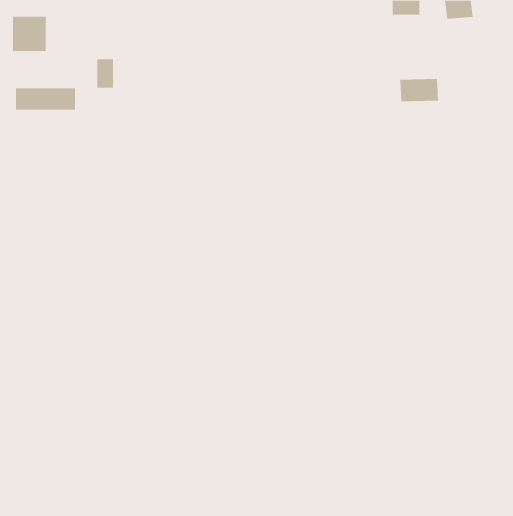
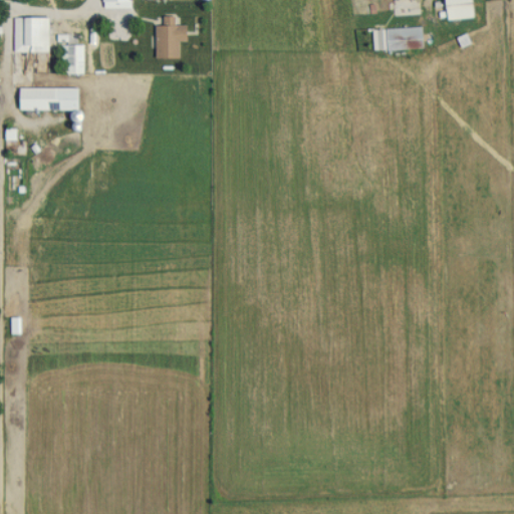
building: none -> [156,23,187,57]
building: [97,59,114,88] -> [67,44,84,73]
building: [399,79,439,102] -> [386,26,425,49]

